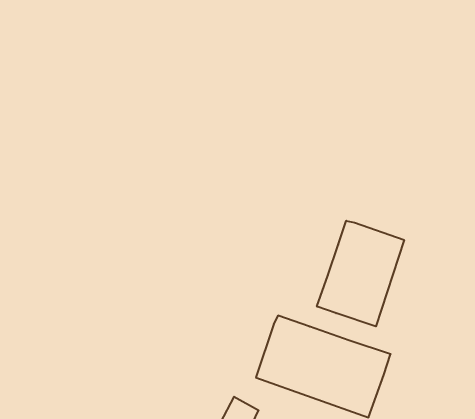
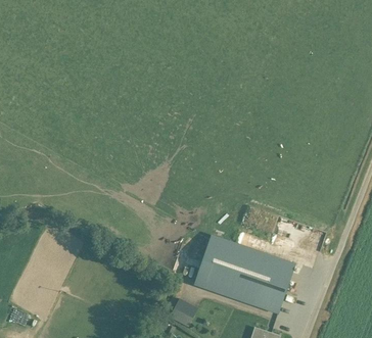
building: [317,221,404,326] -> none

